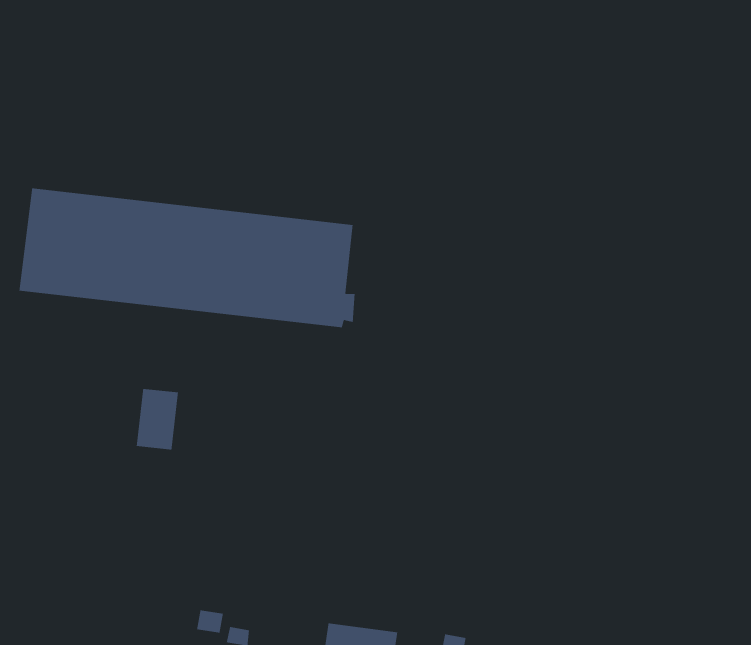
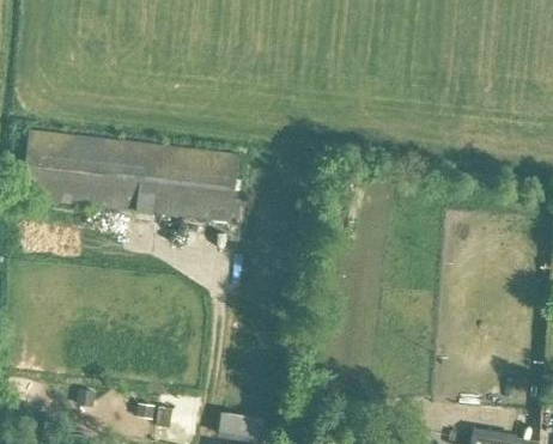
building: [136,388,179,450] -> none

